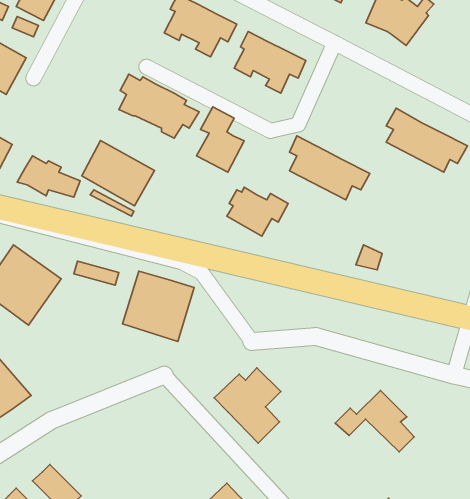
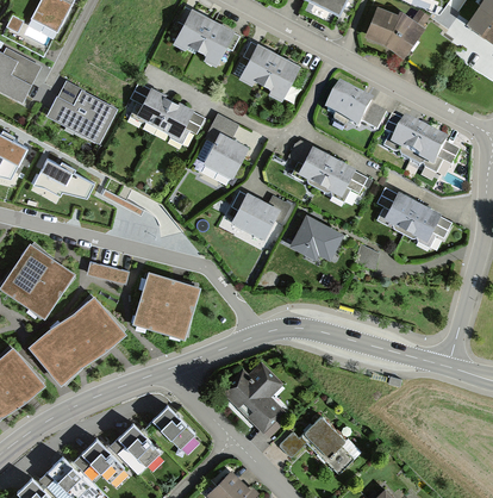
building: none -> [324,83,386,131]
building: [82,141,154,206] -> [48,81,117,143]
building: none -> [376,187,451,249]
building: none -> [289,213,342,259]
building: none -> [27,298,126,386]
building: [335,390,414,452] -> [277,416,352,474]
building: none -> [151,404,194,448]
building: none -> [118,422,160,465]
building: none -> [81,437,124,480]

